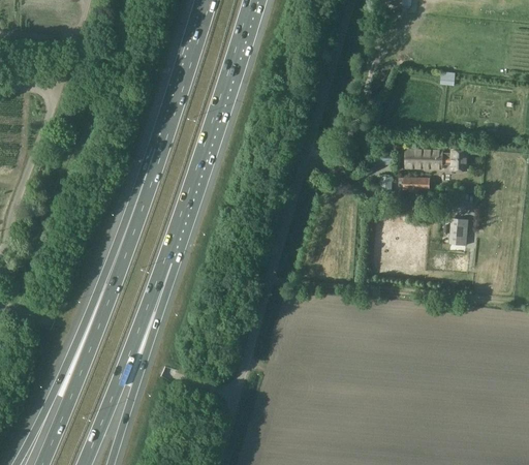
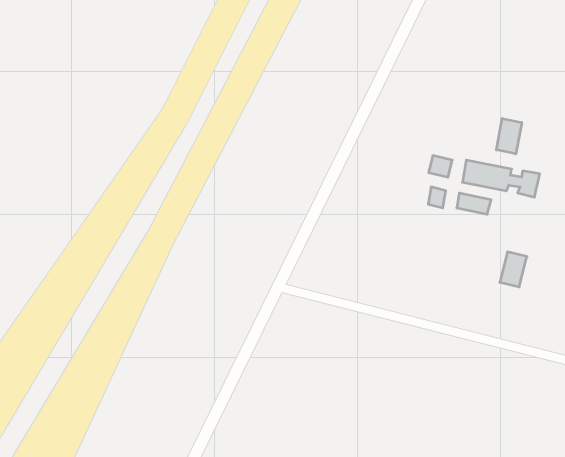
building: none -> [496,118,522,154]

